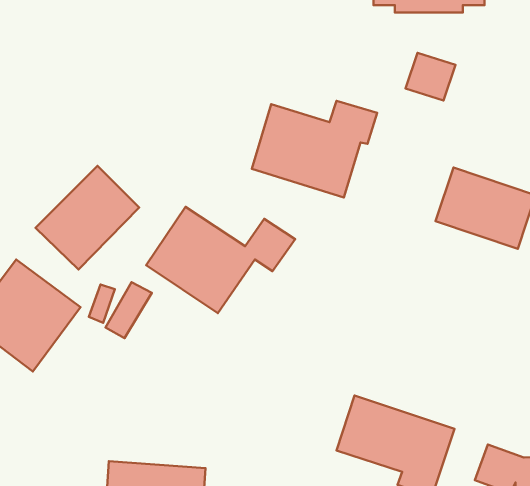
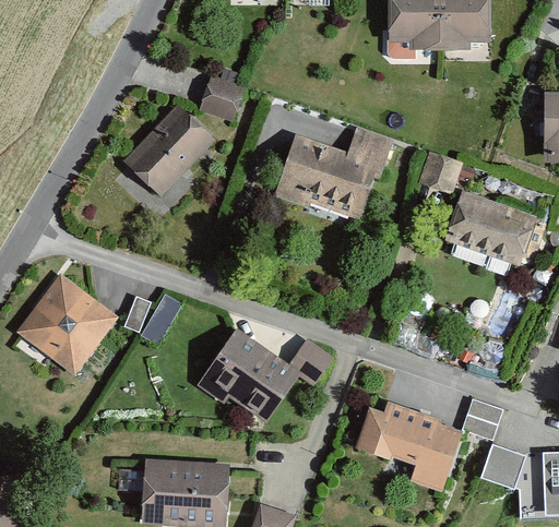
building: none -> [201,75,247,122]
building: [405,53,455,101] -> [418,151,464,194]
building: [35,166,139,270] -> [121,100,216,195]
building: [146,207,295,313] -> [201,328,337,426]
building: none -> [463,399,502,439]

